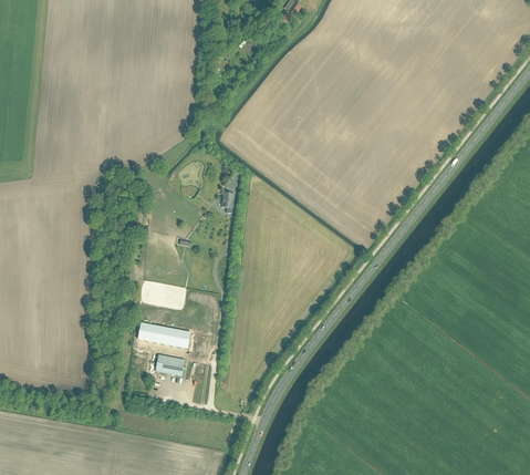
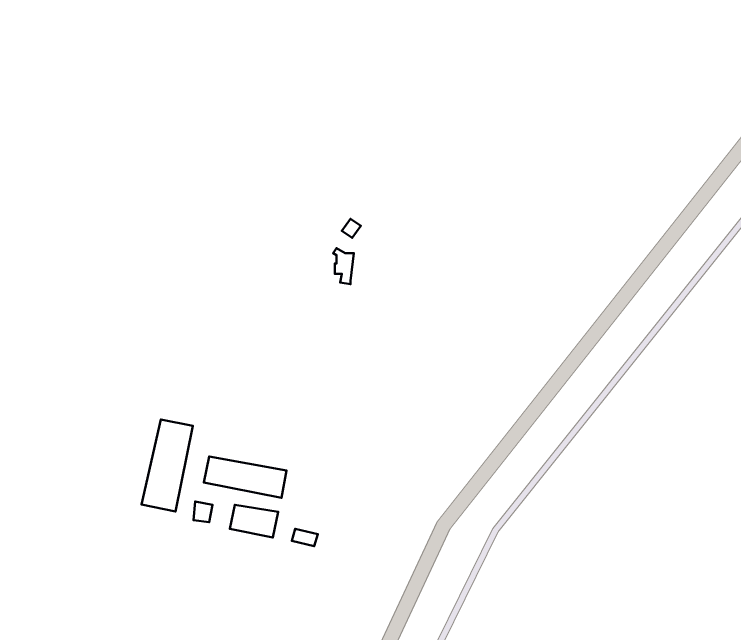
building: none -> [142,420,193,512]

